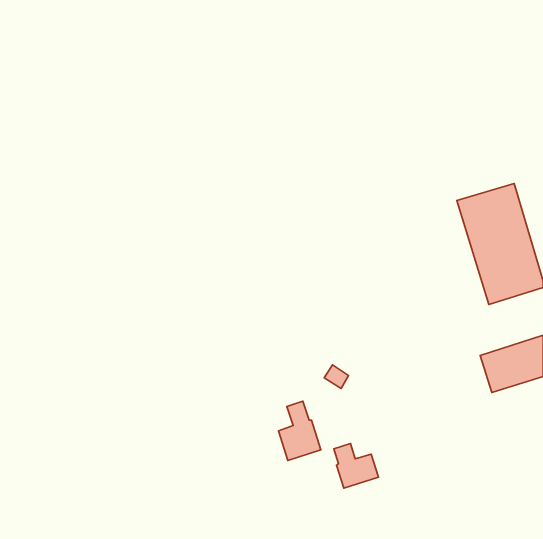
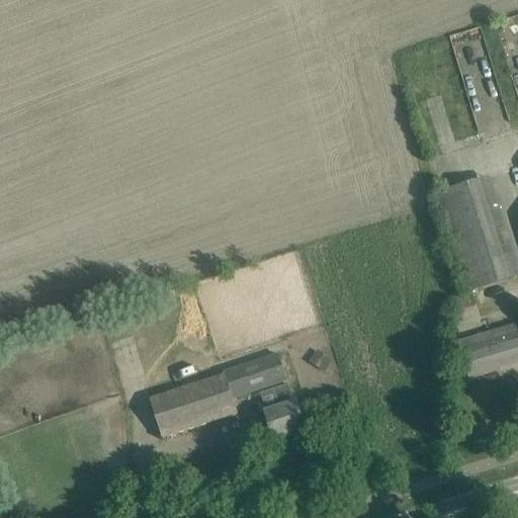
building: none -> [150,355,287,436]
building: [334,444,379,488] -> none

